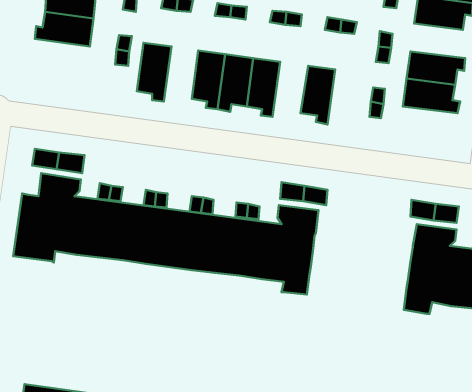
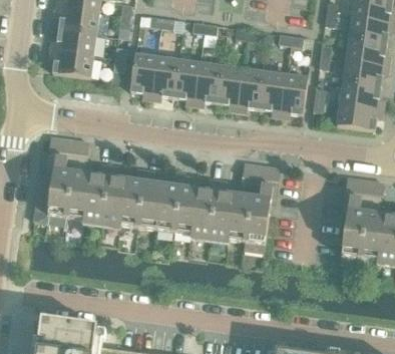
building: none -> [345,36,389,63]
building: none -> [48,48,93,75]
building: none -> [151,54,178,99]
building: none -> [237,66,265,110]
building: none -> [280,72,308,116]
building: none -> [336,101,382,127]

